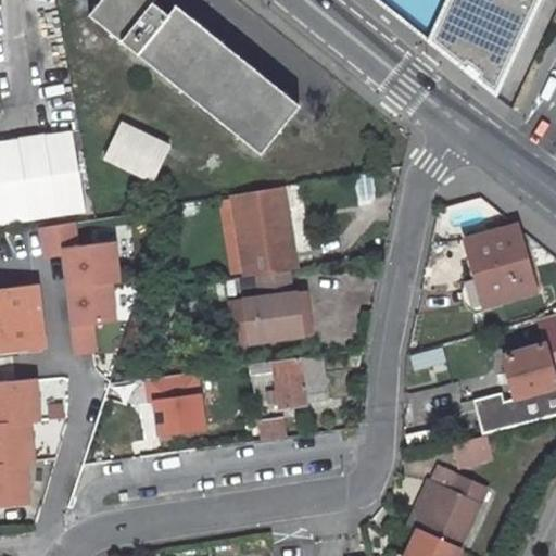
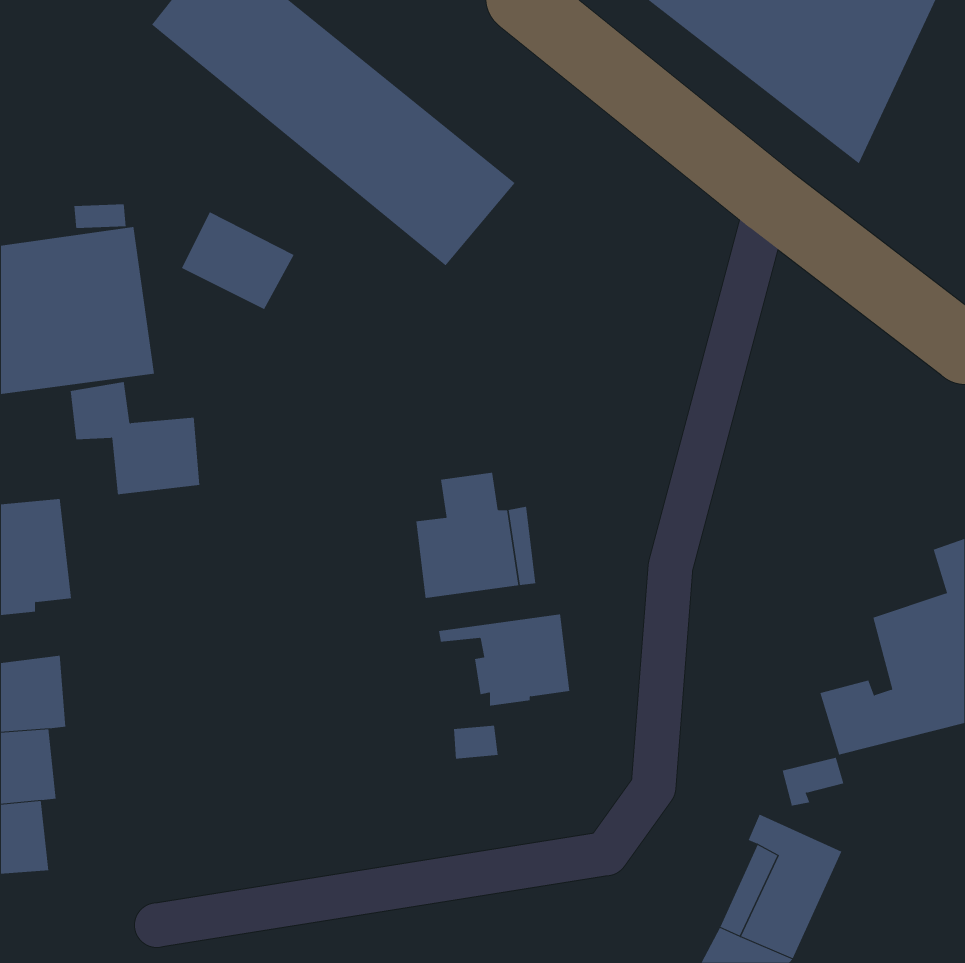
building: [230,186,294,278] -> none
building: [468,225,534,304] -> none
building: [67,280,113,351] -> none
building: [148,369,213,441] -> none

